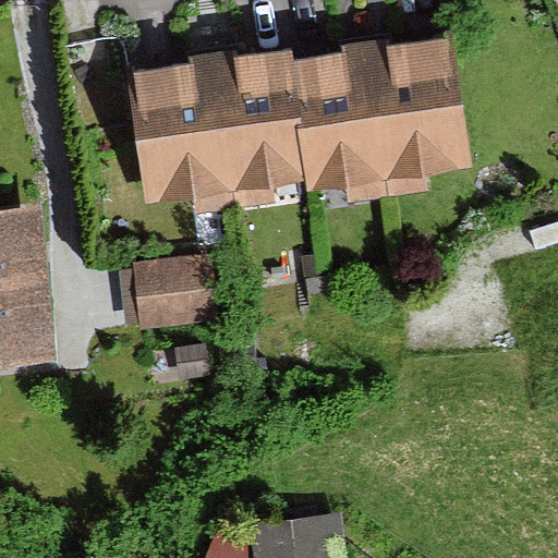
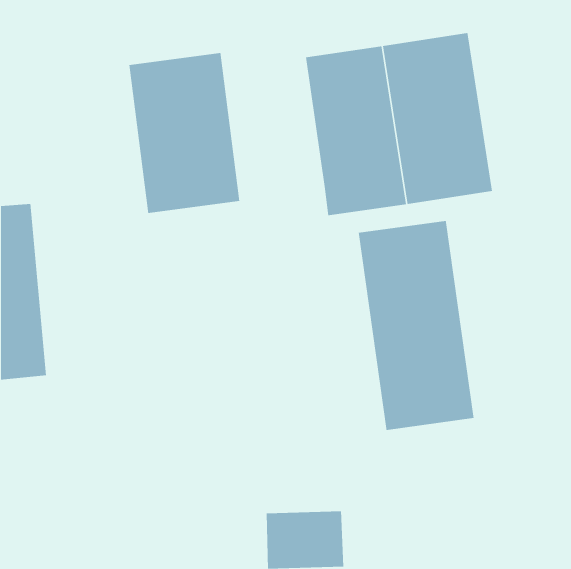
building: [216,44,316,198] -> none
building: none -> [358,220,474,431]
building: [130,255,225,331] -> none

